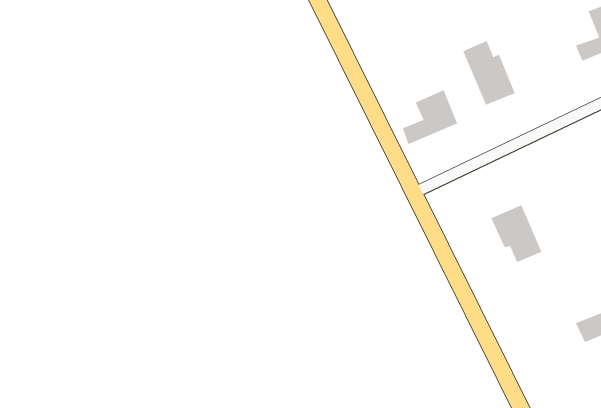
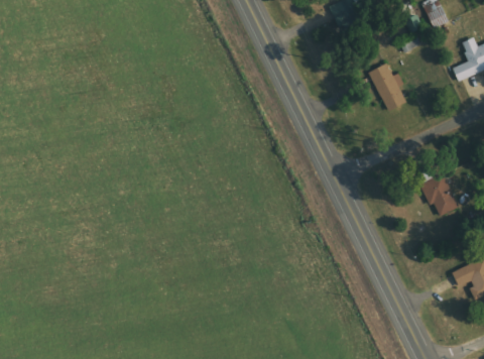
building: [402,89,458,145] -> none
building: [490,204,542,263] -> [419,173,458,217]

